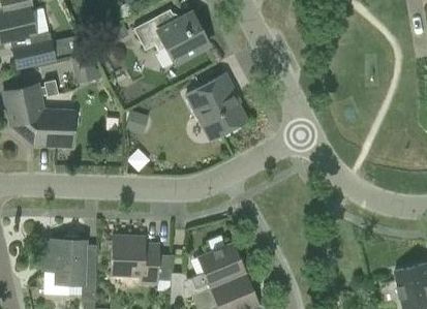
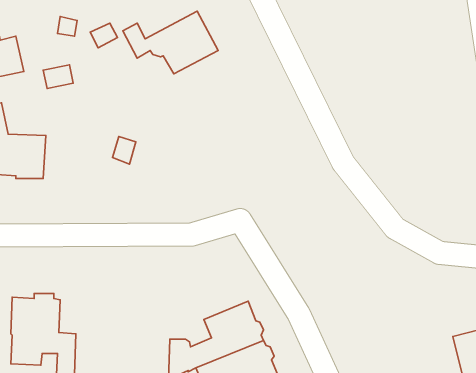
building: [186,73,244,136] -> none
building: [111,240,159,283] -> none

